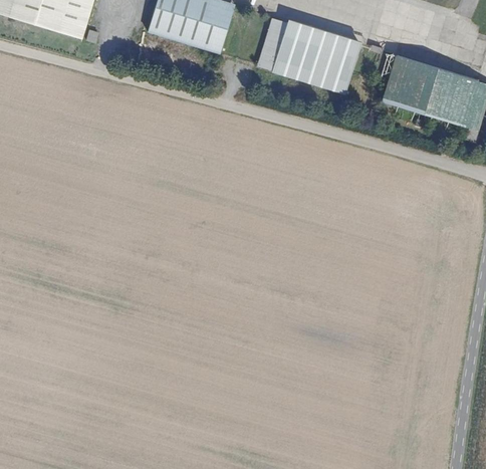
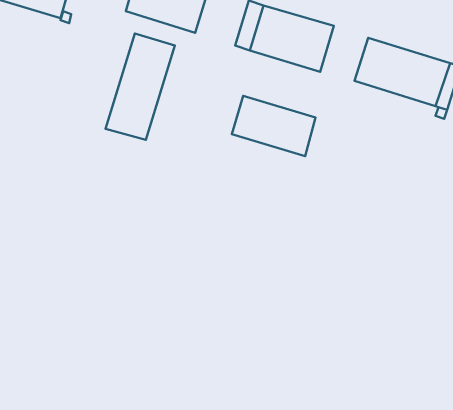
building: none -> [105,33,175,140]
building: none -> [232,96,316,156]

